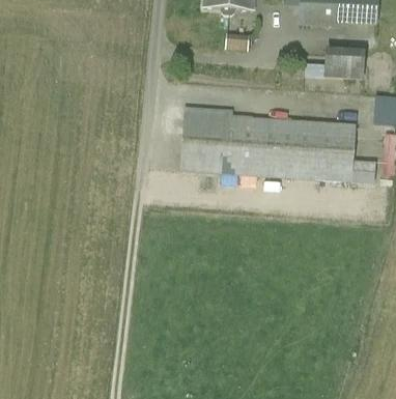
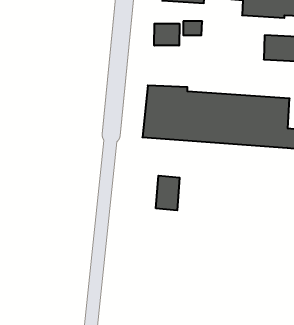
building: none -> [154,24,179,46]
building: none -> [156,176,180,210]

